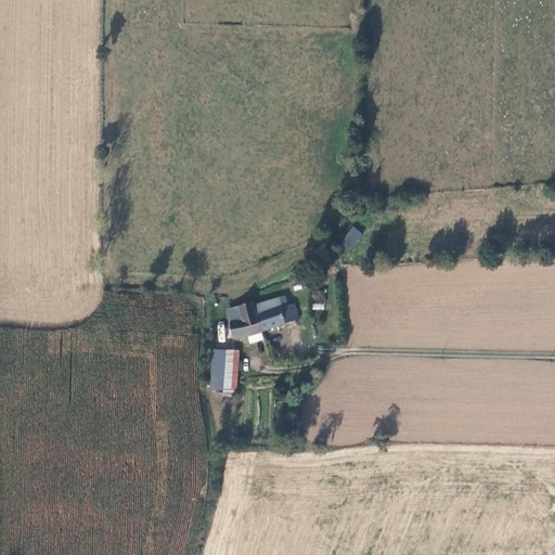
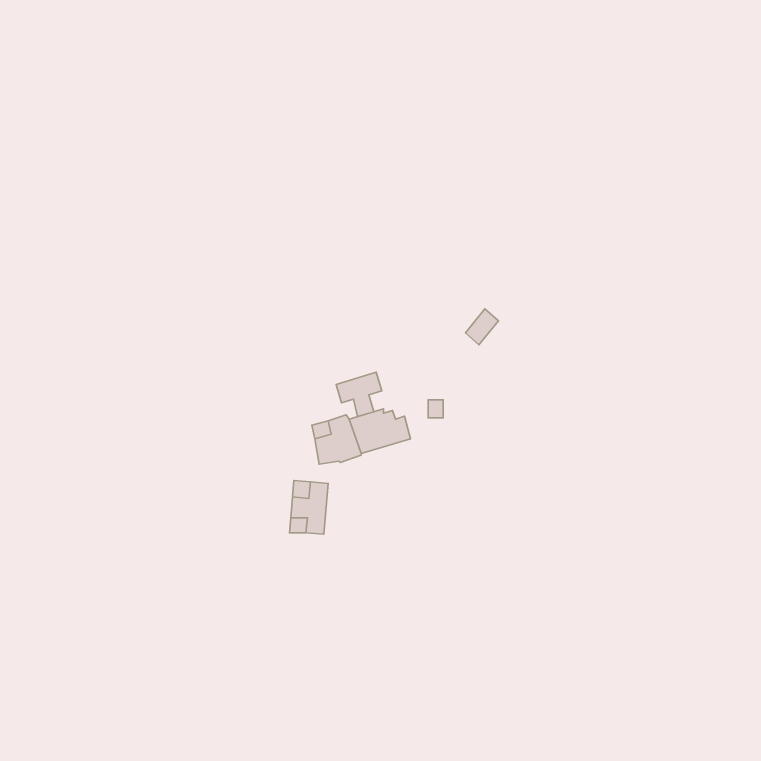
building: none -> [336,372,382,416]

